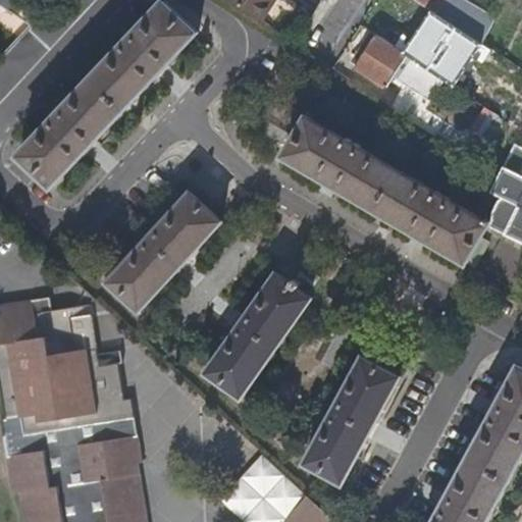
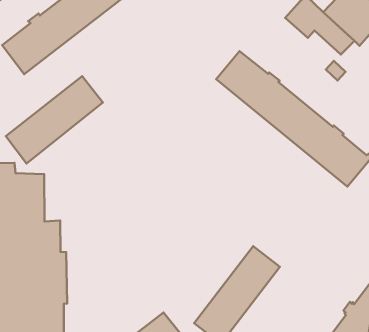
building: [104,194,217,312] -> [6,76,103,163]
building: [204,271,309,394] -> none

